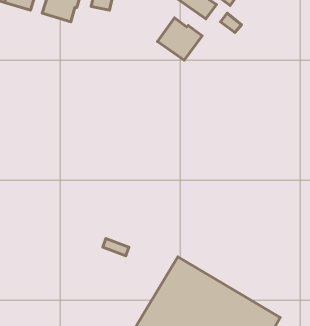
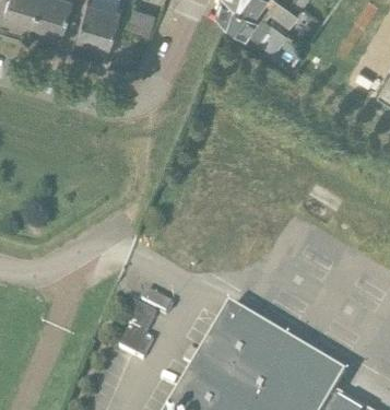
building: [158,18,202,60] -> none

